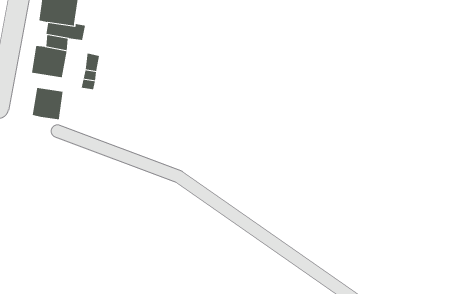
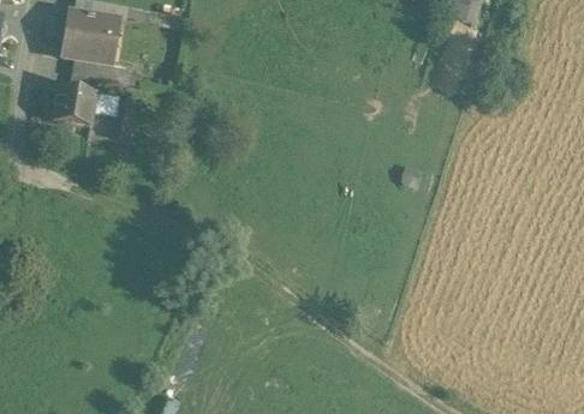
building: [32,87,63,120] -> none

